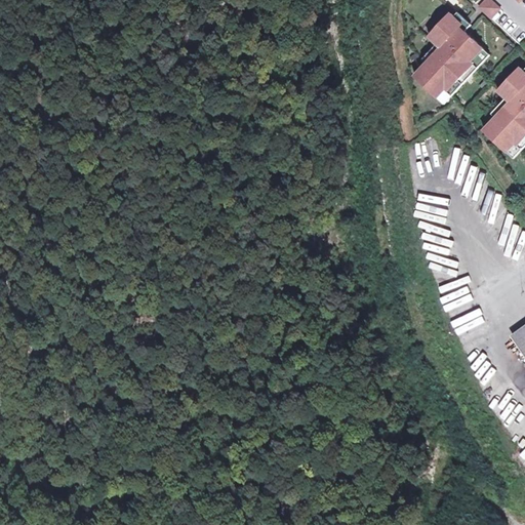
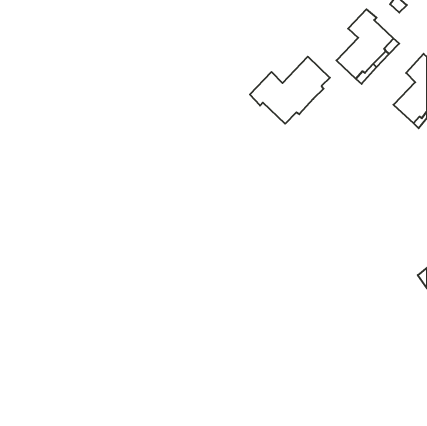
building: none -> [250,57,330,124]

